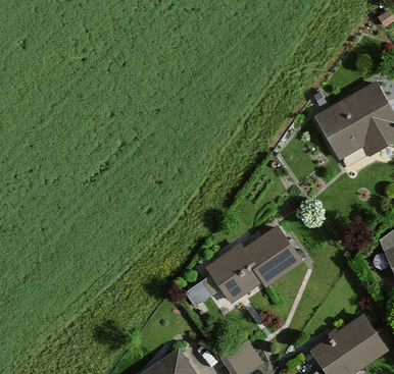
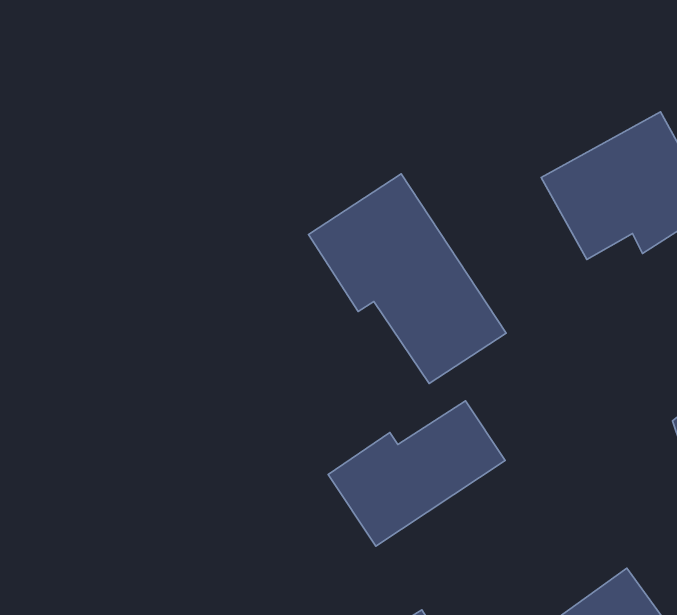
building: none -> [309,174,506,384]

